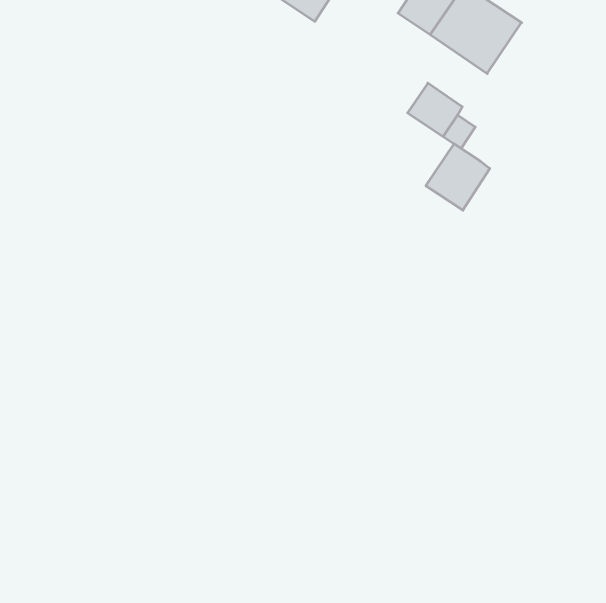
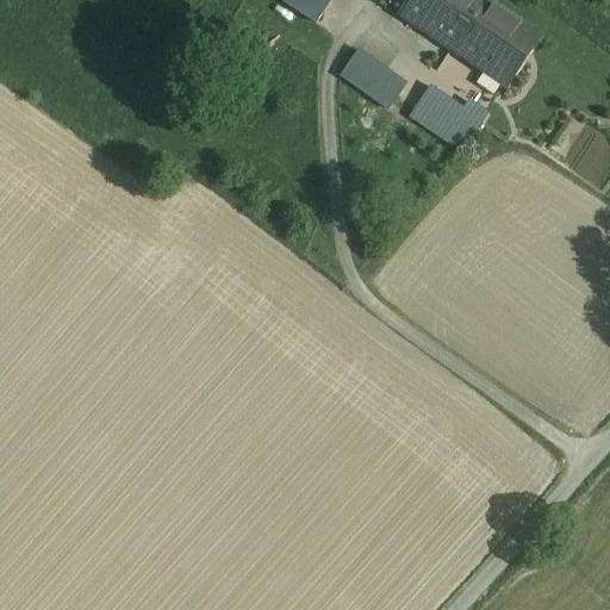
building: none -> [488,23,540,85]
building: none -> [340,48,405,107]
building: [426,144,490,210] -> none

